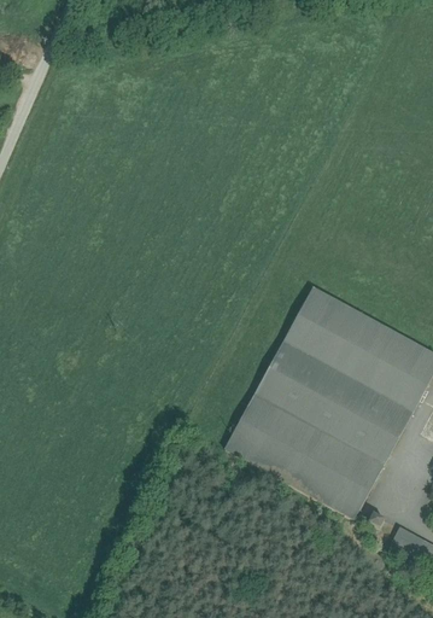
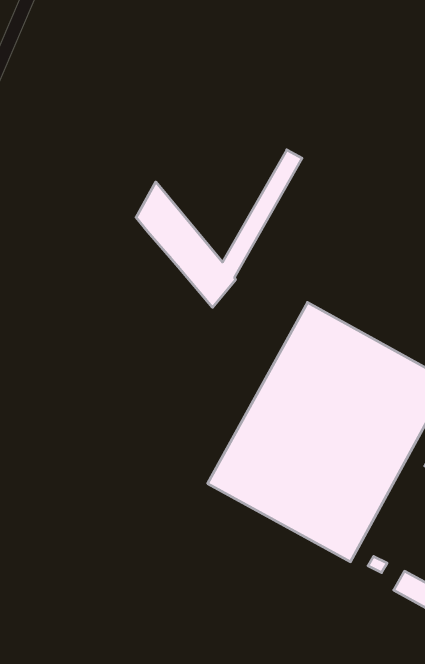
building: none -> [136,150,302,307]

